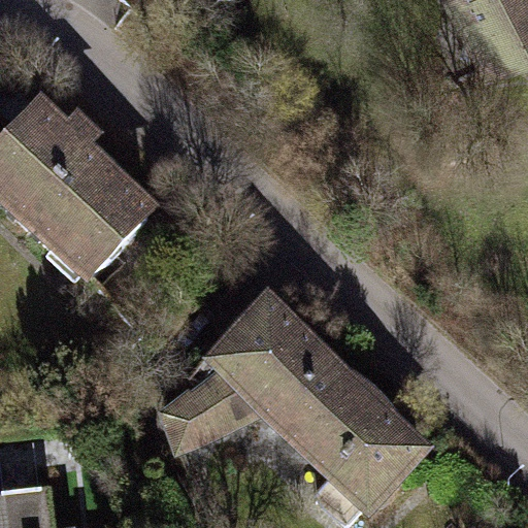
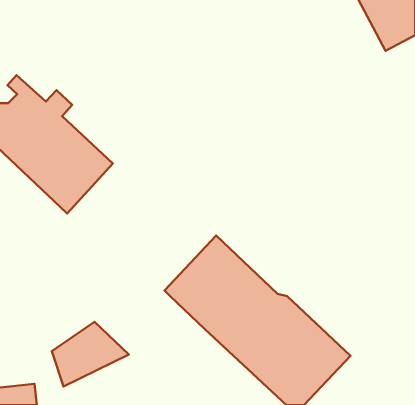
building: [161,373,258,455] -> [52,322,129,386]

